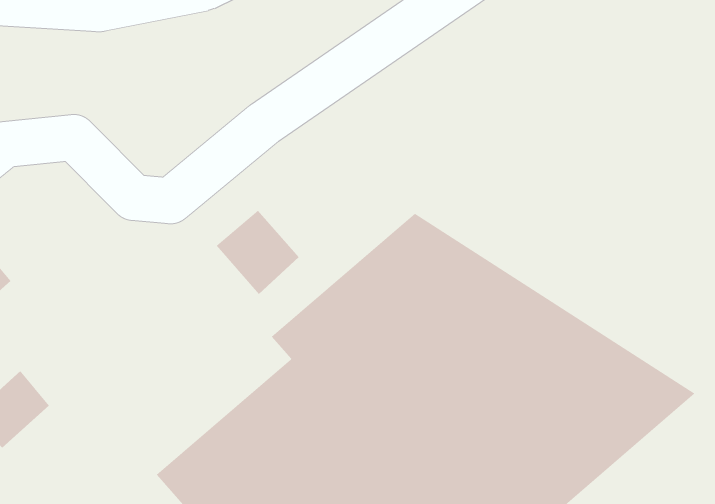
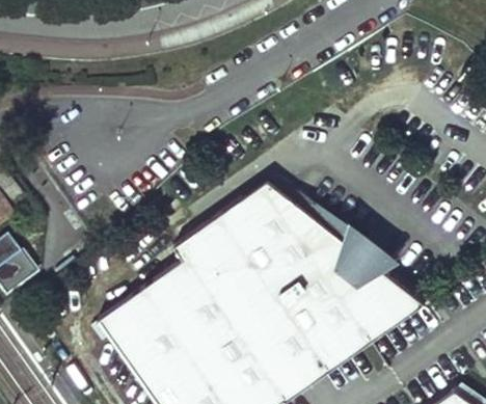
building: [216,210,299,295] -> none

